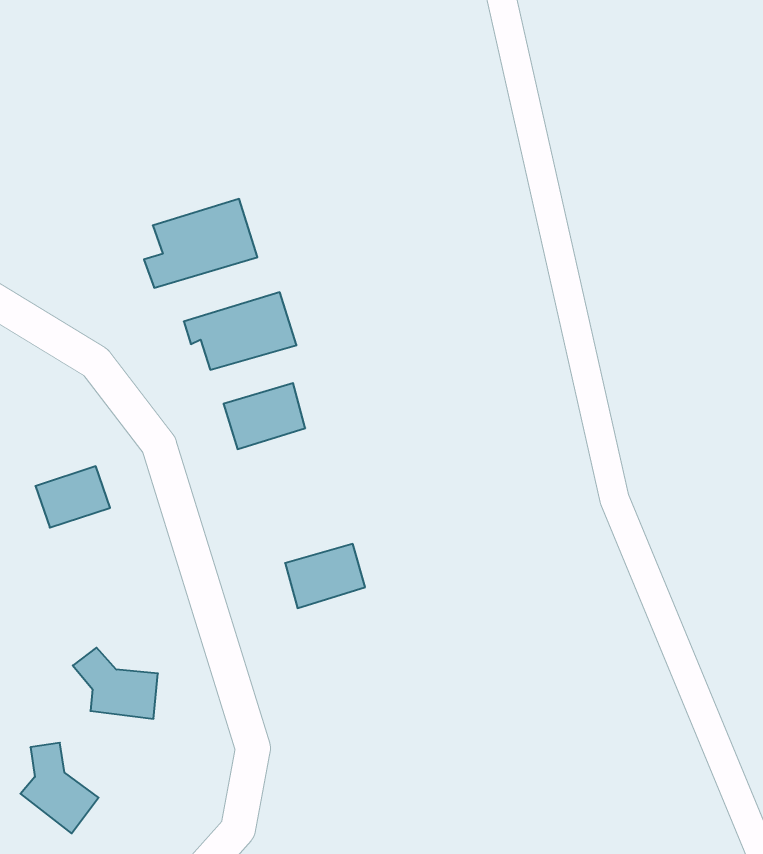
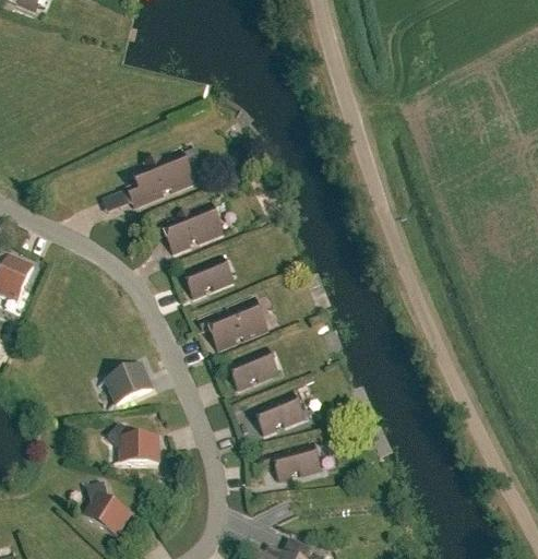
building: none -> [199,297,268,349]
building: [35,466,110,528] -> [107,366,153,405]
building: none -> [254,393,304,435]
building: none -> [261,443,321,480]

